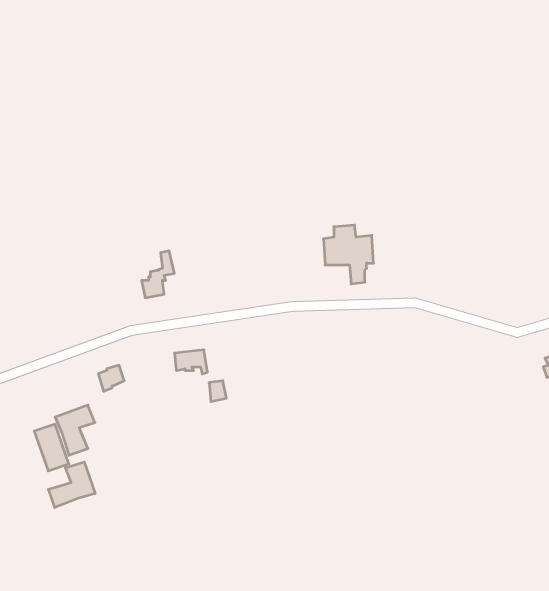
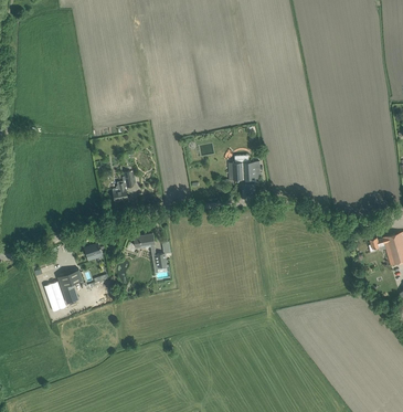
building: [48,462,95,508] -> none

